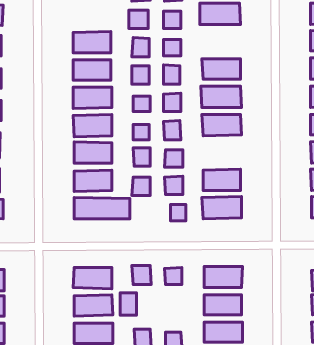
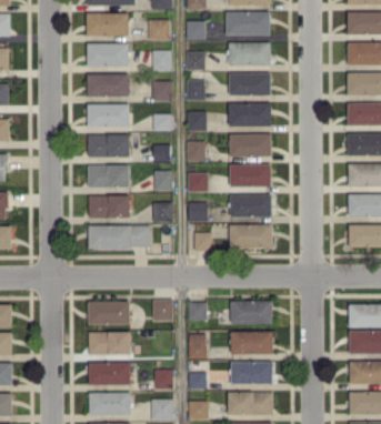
building: none -> [87,13,128,37]
building: none -> [229,42,271,65]
building: none -> [230,165,271,188]
building: [120,293,137,315] -> [189,334,207,359]

